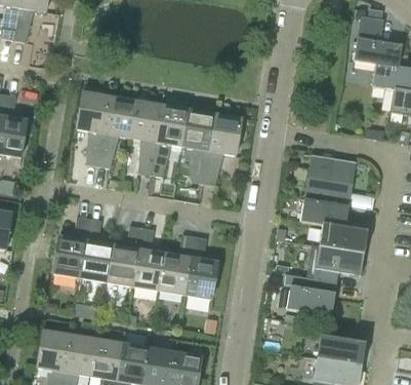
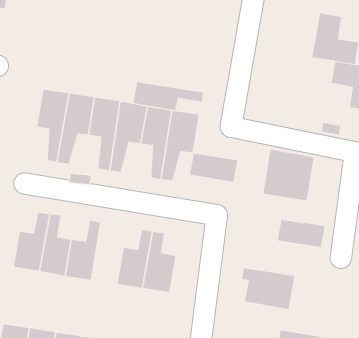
building: none -> [133,81,204,111]
building: [299,198,348,228] -> [189,153,238,183]
building: [131,227,163,290] -> none
building: [313,245,363,281] -> none

